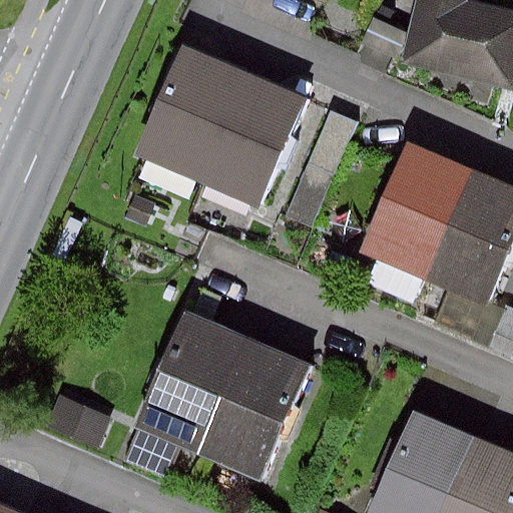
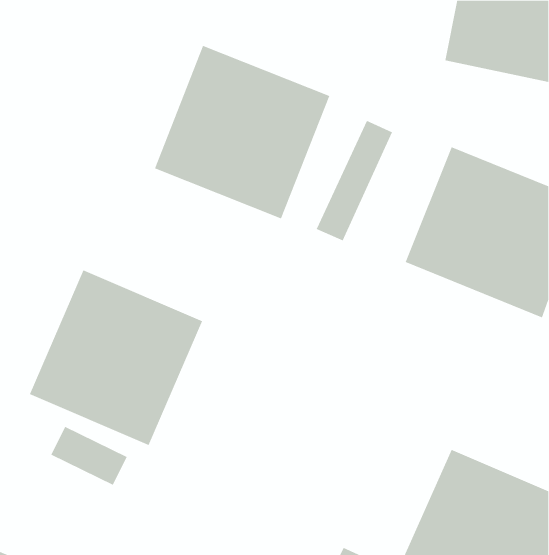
building: none -> [29,270,203,446]
building: [139,317,305,472] -> none

